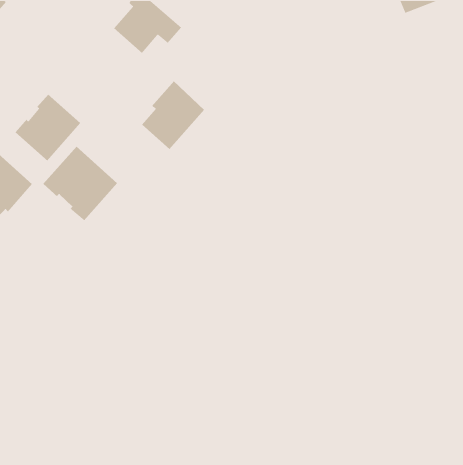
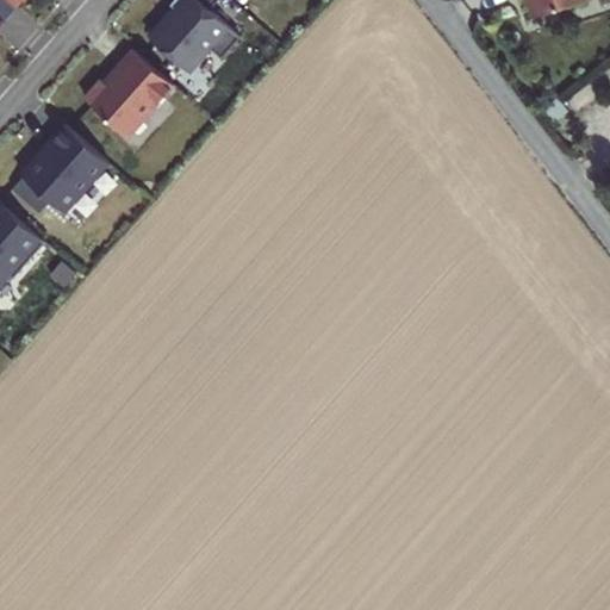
building: [141,81,205,150] -> [87,50,170,141]
building: [43,146,118,221] -> none

